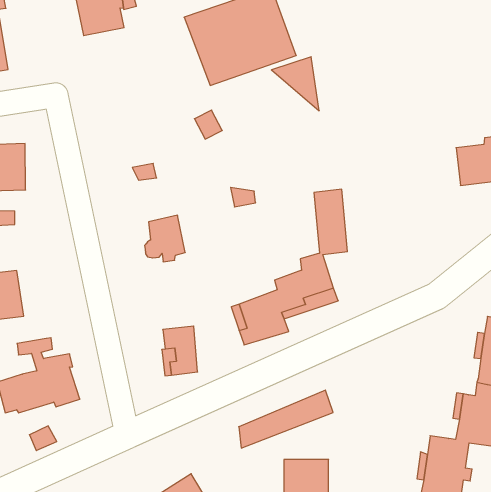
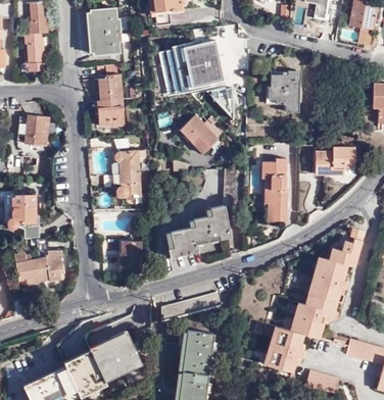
building: none -> [269,71,300,112]
building: none -> [96,65,124,127]
building: none -> [179,114,222,154]
building: none -> [261,158,286,222]
building: none -> [113,150,149,174]

